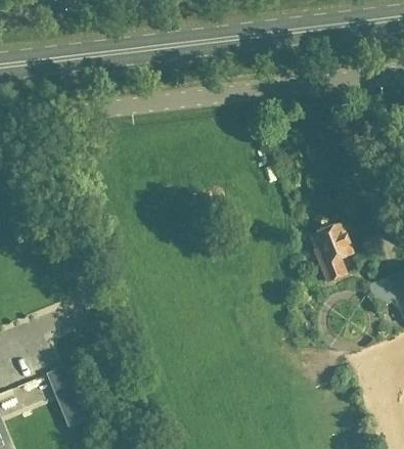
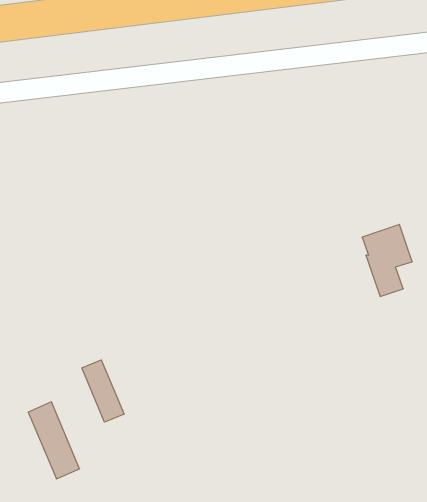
building: none -> [82,360,124,422]

